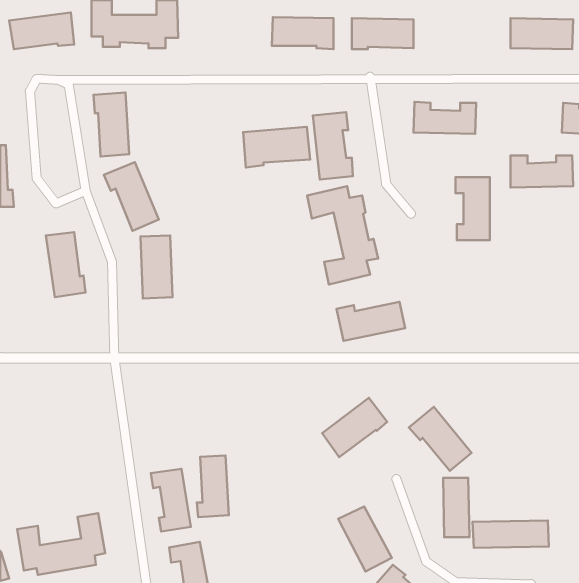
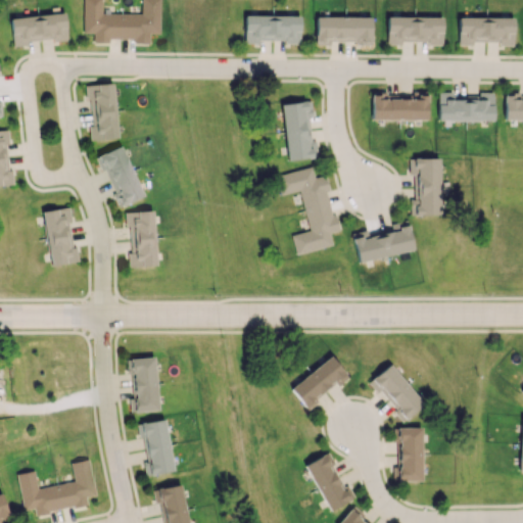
building: none -> [390,17,444,44]
building: [243,127,310,167] -> none
building: [510,155,573,187] -> [440,93,496,122]
building: [337,302,405,341] -> [354,228,416,263]
building: [197,456,229,517] -> [132,358,160,413]
building: [473,520,549,548] -> none

